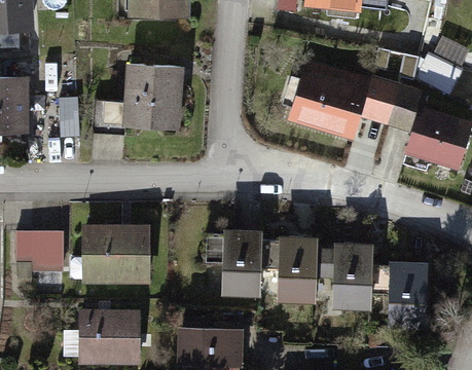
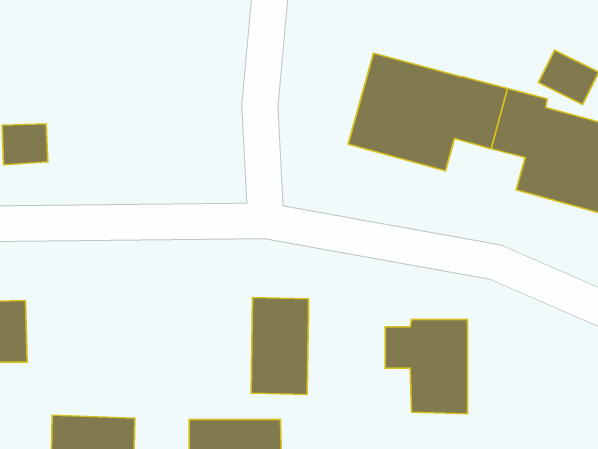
building: [102,62,180,127] -> none
building: [85,226,151,286] -> none
building: [260,238,315,305] -> none
building: [372,263,427,324] -> none

